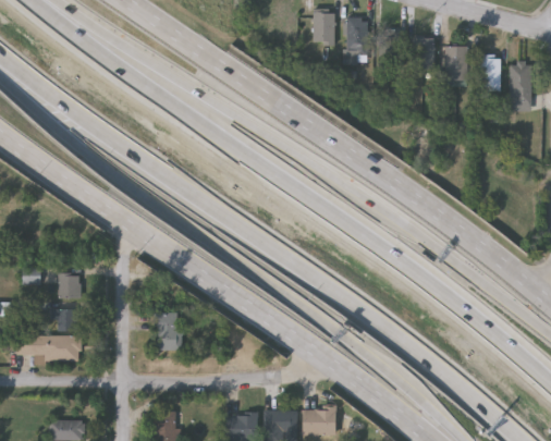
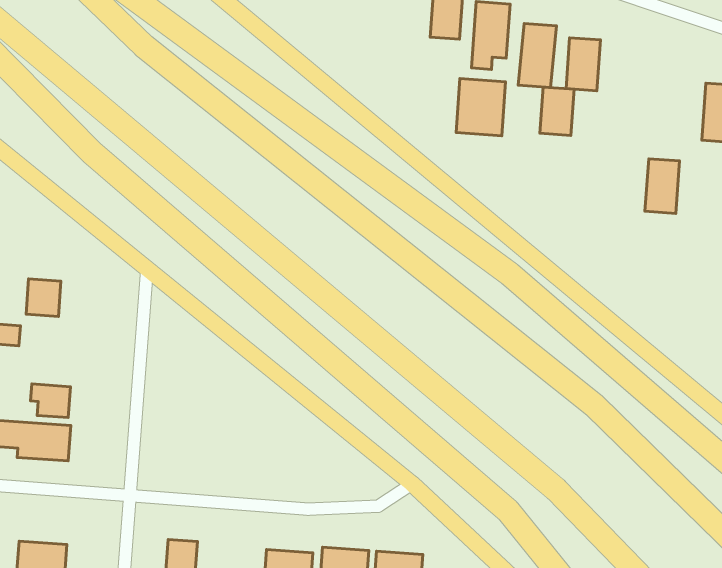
building: [445,47,467,79] -> [540,87,574,136]
building: [478,54,500,91] -> [645,159,680,213]
building: none -> [456,79,506,136]
building: [58,272,81,297] -> [26,279,61,317]
building: [155,311,182,350] -> none

